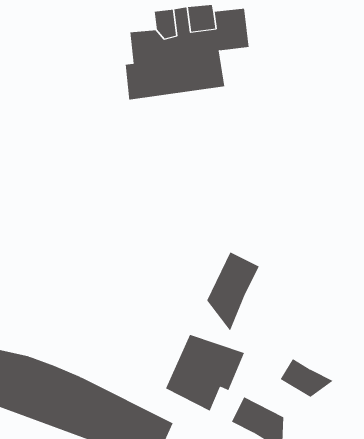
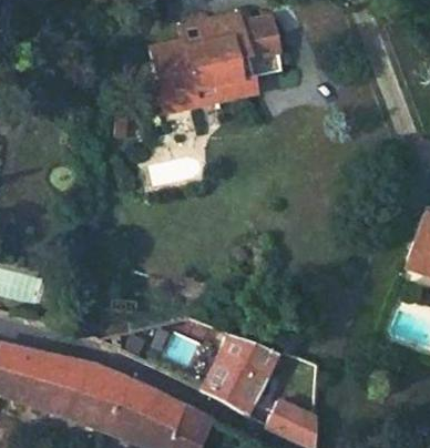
building: [206,252,259,331] -> none
building: [280,358,334,398] -> none

